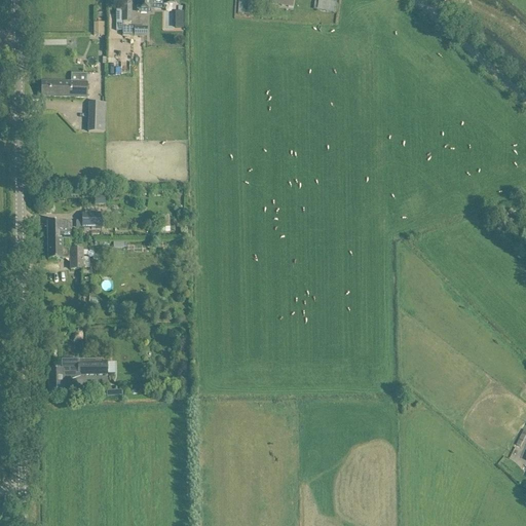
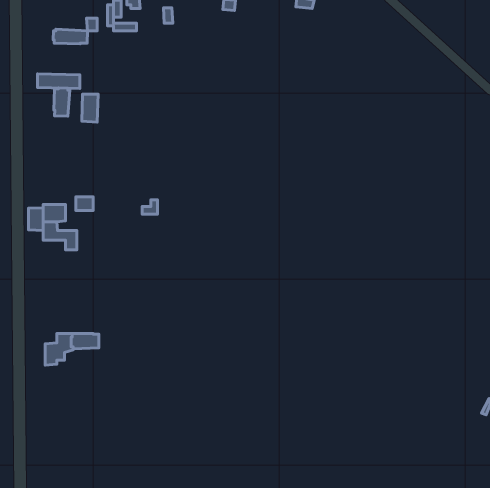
building: none -> [53,29,87,44]
building: none -> [54,88,70,116]
building: none -> [29,208,43,230]

